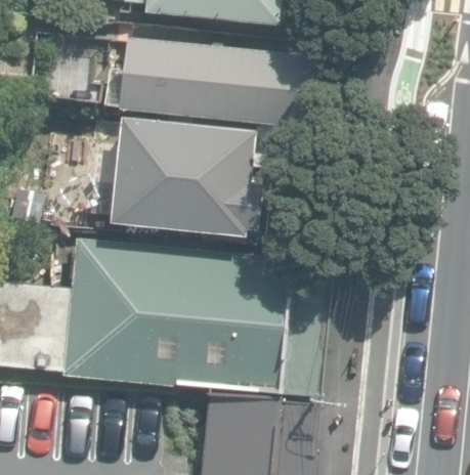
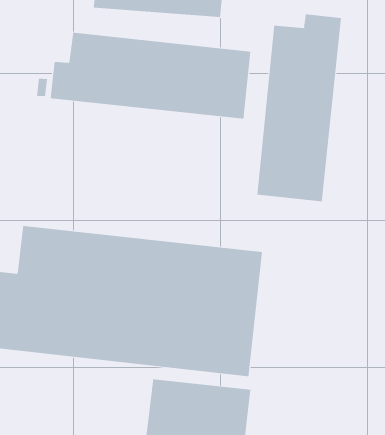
building: none -> [257,14,342,202]
building: [109,119,258,236] -> none

